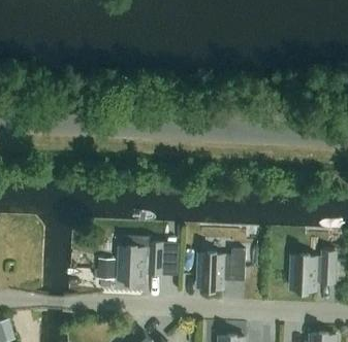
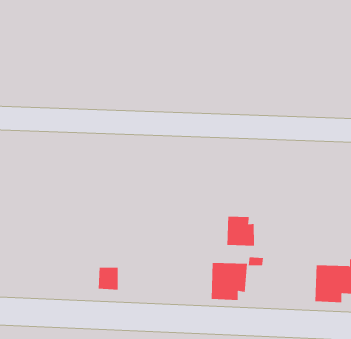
building: none -> [227,216,255,246]
building: [119,242,164,281] -> none

